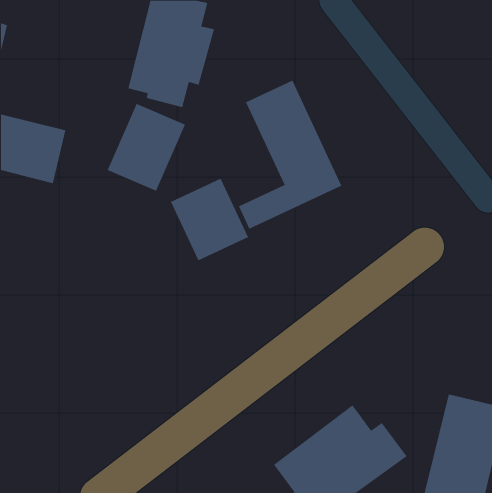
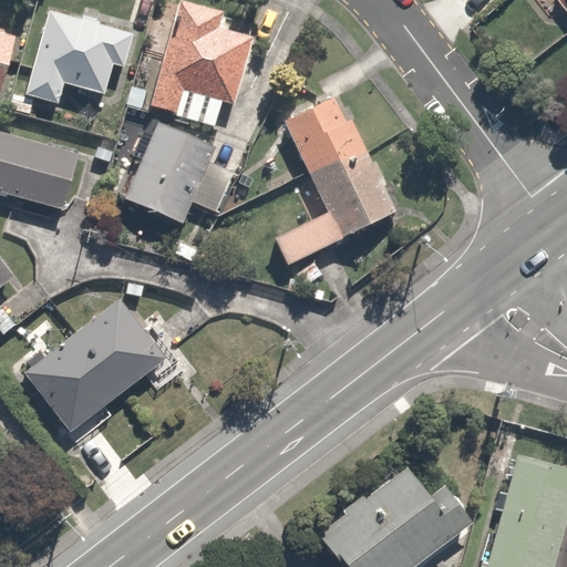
building: none -> [24,11,135,102]
building: [170,178,249,261] -> none
building: none -> [23,299,167,435]

